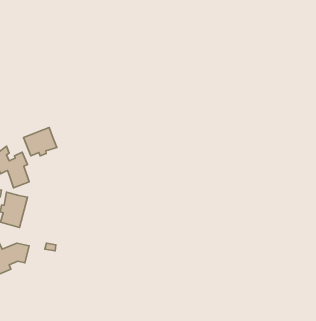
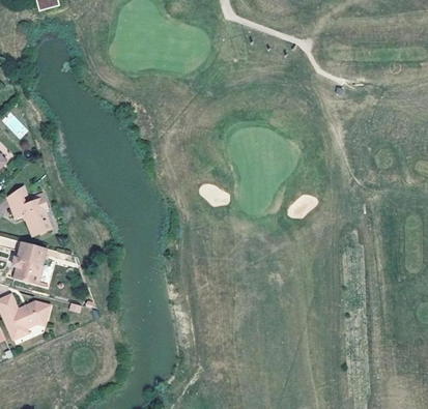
building: [23,127,57,156] -> none

